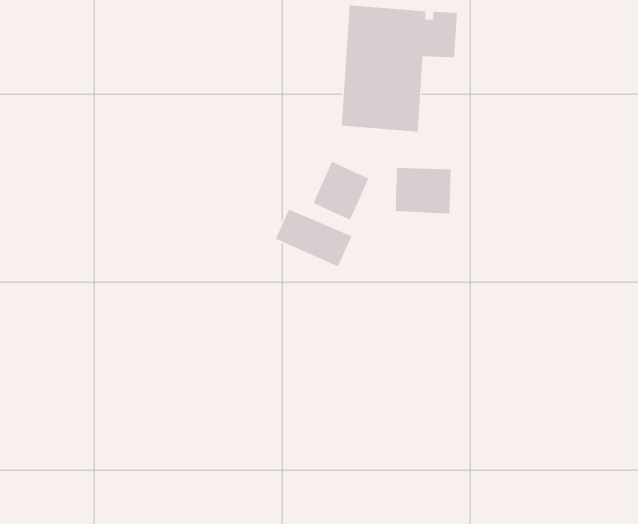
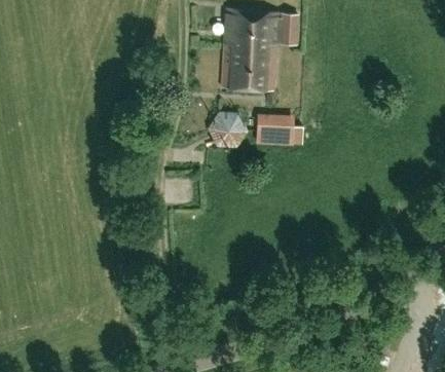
building: [275,208,353,268] -> none

